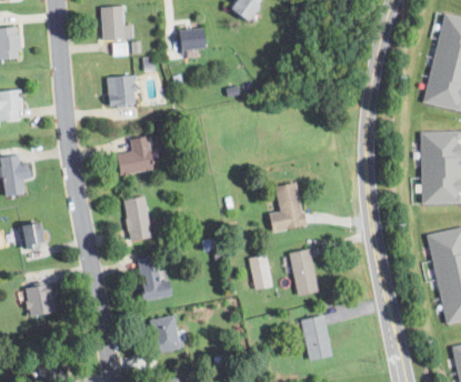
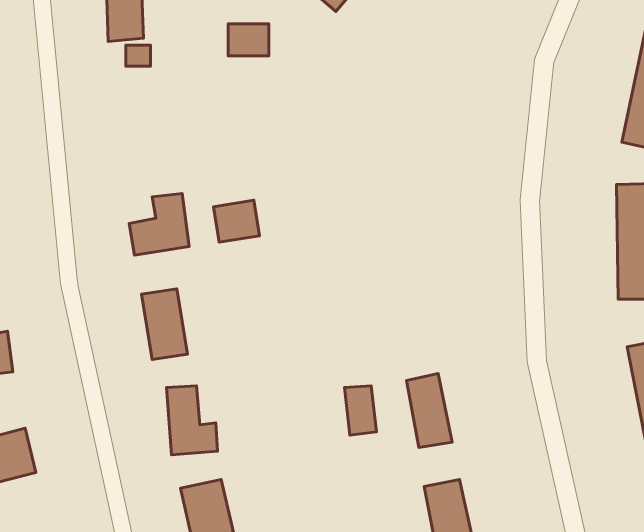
building: [107,76,136,105] -> none
building: none -> [214,200,260,242]
building: [269,182,305,232] -> none

